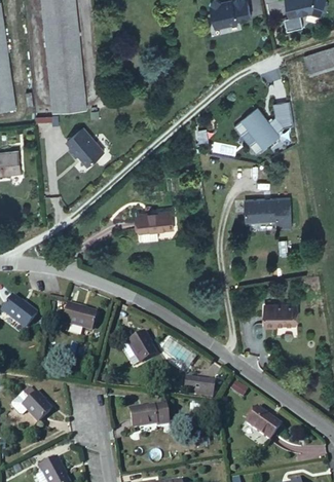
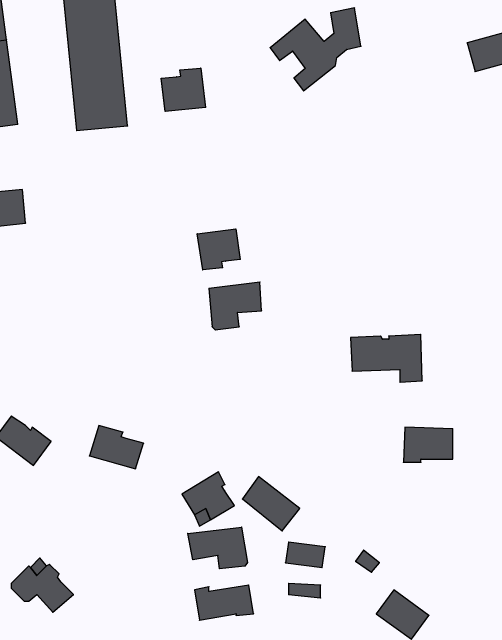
building: none -> [161,68,206,111]
building: [233,100,292,153] -> [270,8,361,91]
building: [65,126,103,165] -> none
building: none -> [197,229,240,270]
building: [244,197,290,228] -> [351,334,422,382]
building: none -> [188,527,247,569]

